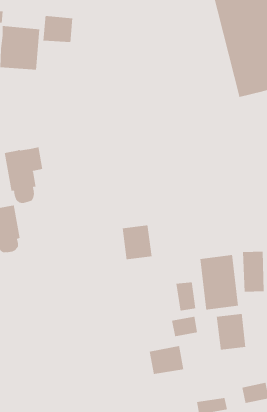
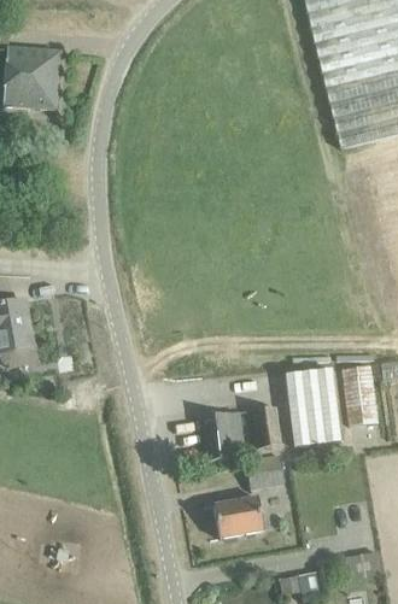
building: [43,15,73,43] -> none
building: [4,147,43,204] -> none
building: [122,225,152,260] -> [201,411,245,461]
building: [216,313,246,350] -> none

